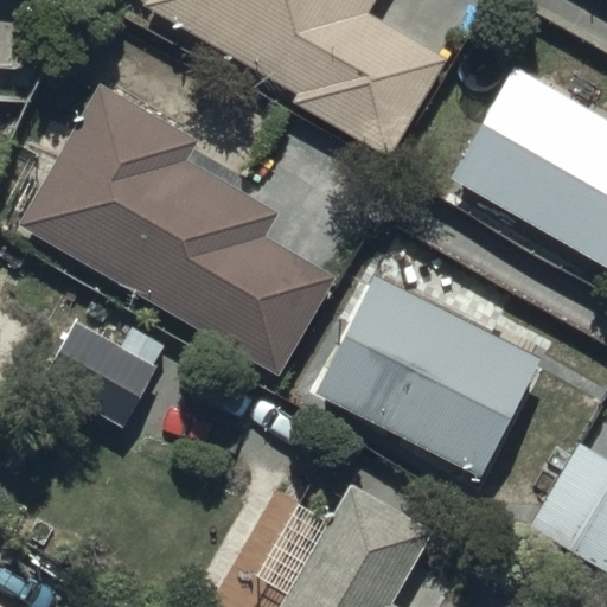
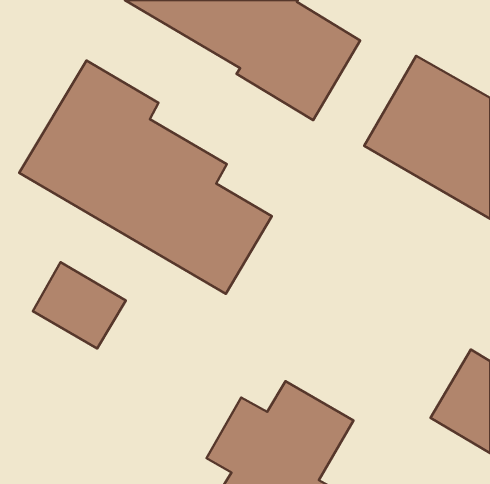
building: [311,269,542,471] -> none

